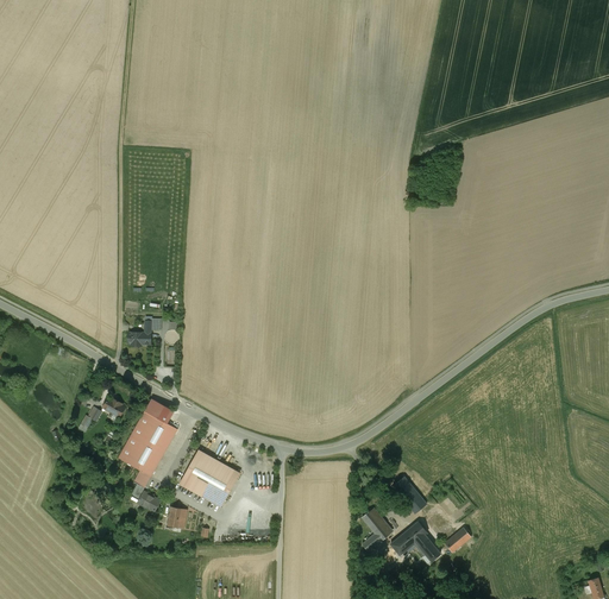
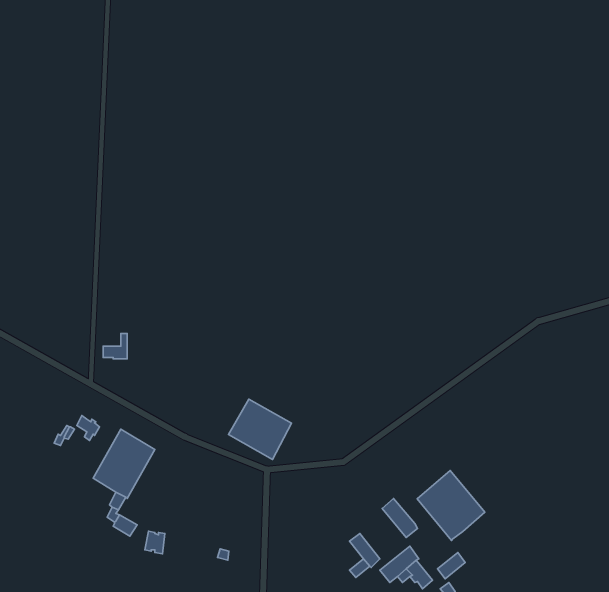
building: none -> [417,470,485,540]
building: [180,449,239,506] -> [229,399,291,460]

